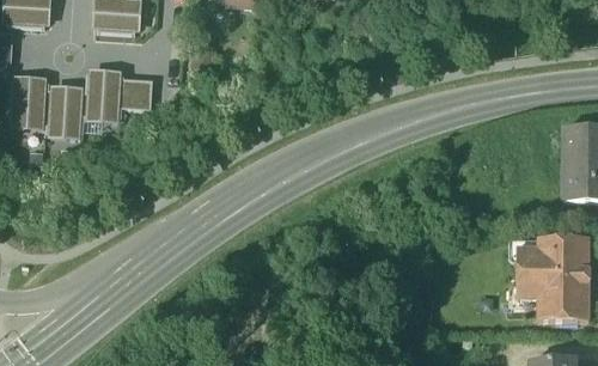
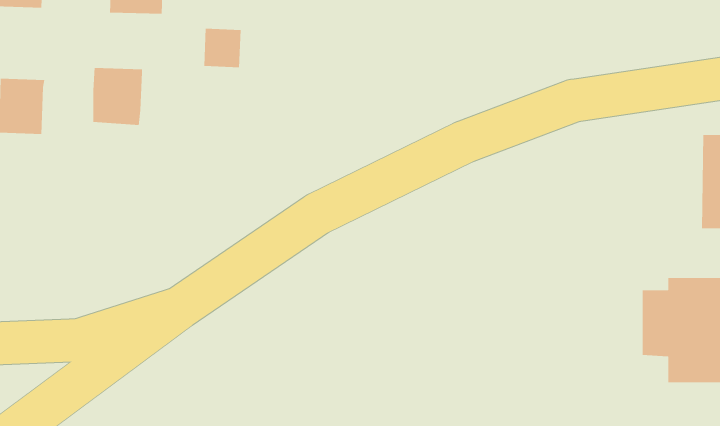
building: [122,79,152,110] -> [203,28,241,68]
building: [44,91,84,135] -> none

